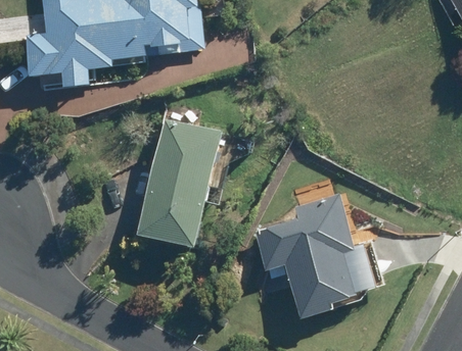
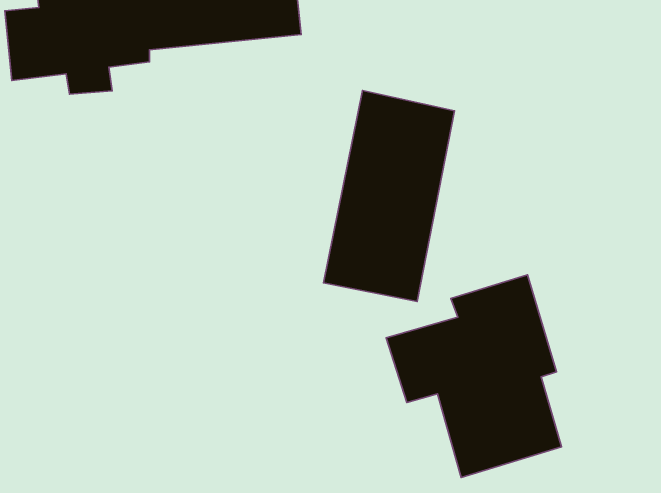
building: [140,119,219,246] -> [323,91,455,302]

